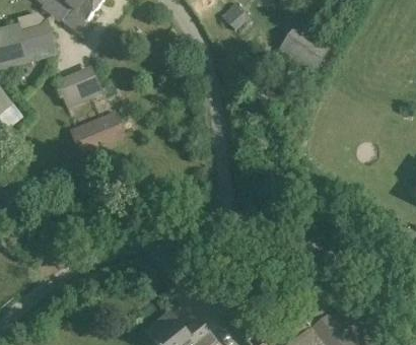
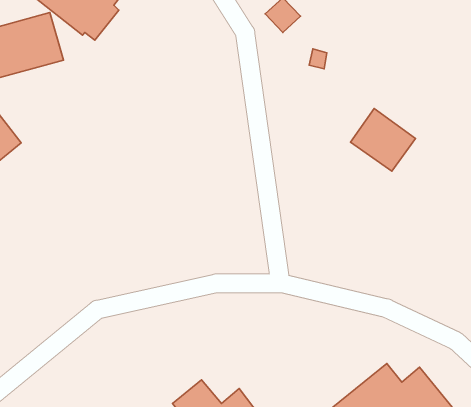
building: [277,22,330,73] -> [350,108,416,171]
building: [55,64,103,108] -> none
building: [69,111,124,154] -> none

